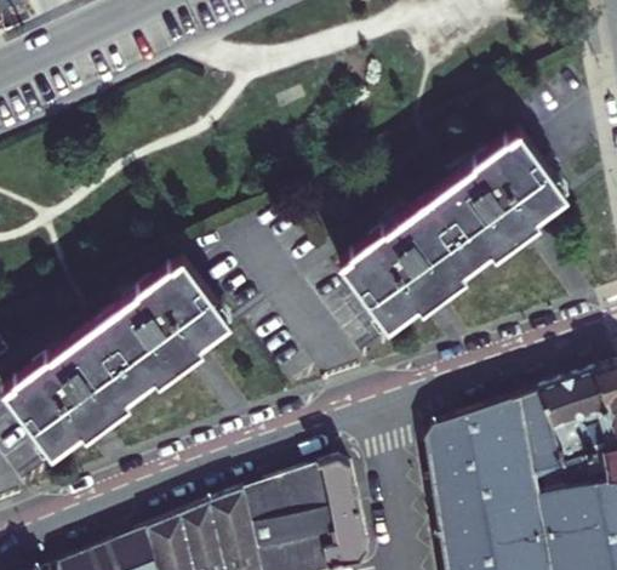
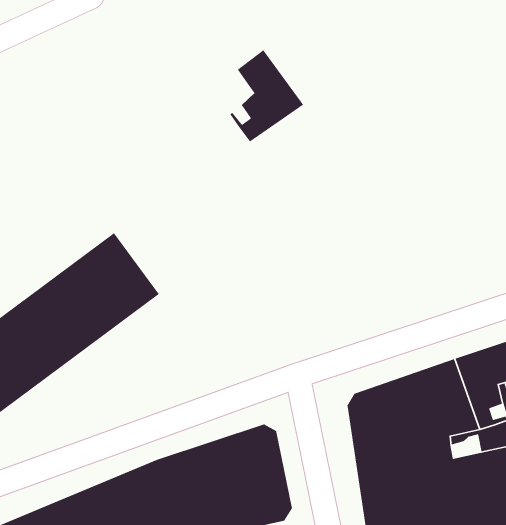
building: none -> [229,49,304,142]
building: [338,132,566,330] -> none

